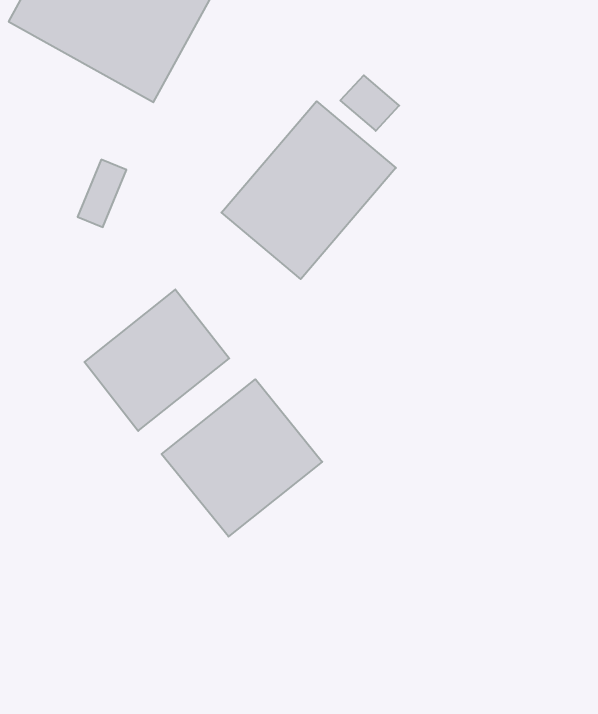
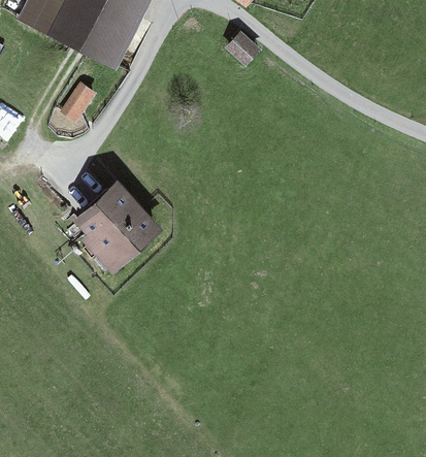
building: [221,101,396,279] -> none
building: [162,379,322,537] -> none

